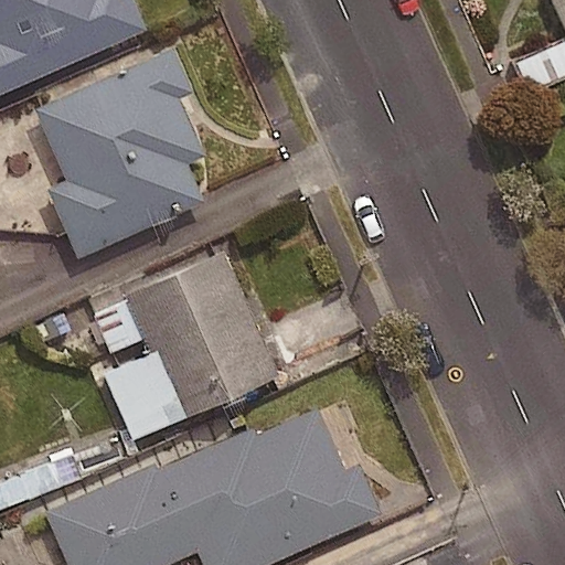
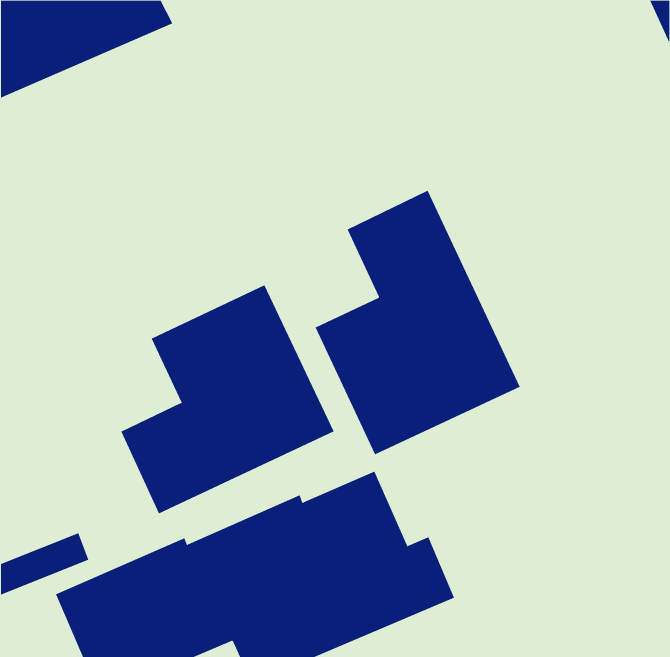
building: [32,44,205,258] -> none
building: none -> [315,190,521,455]

